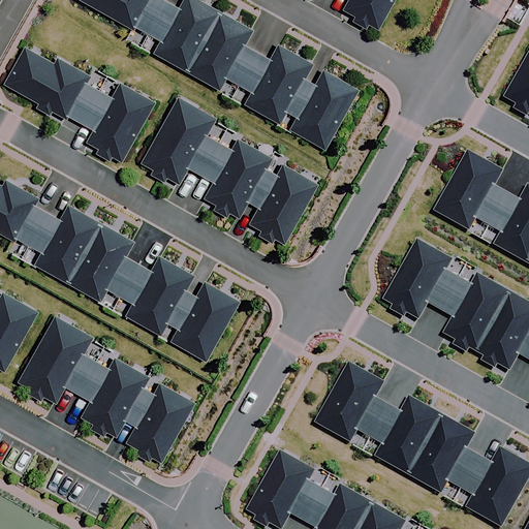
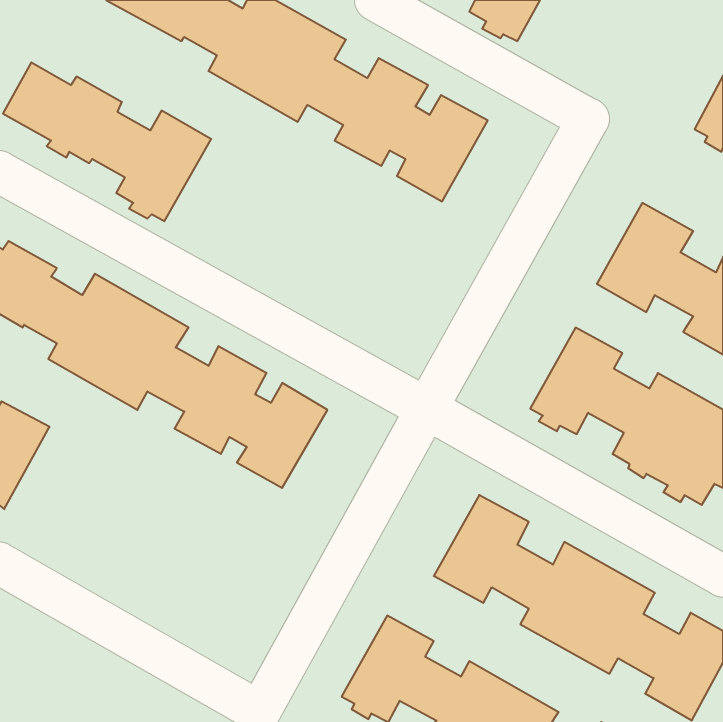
building: [139,98,317,246] -> none
building: [17,314,194,462] -> none

